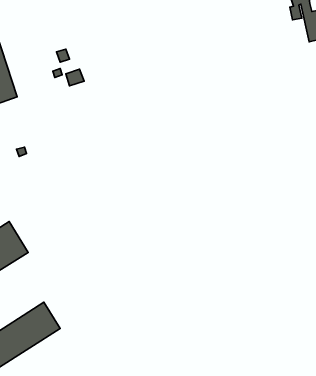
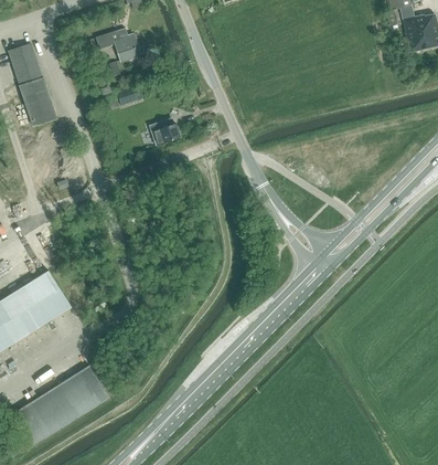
building: none -> [95,28,146,62]
building: none -> [149,118,181,146]

